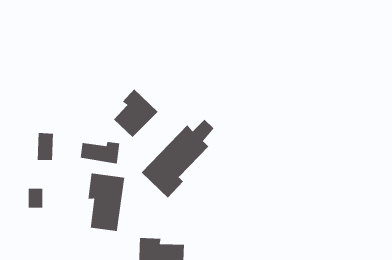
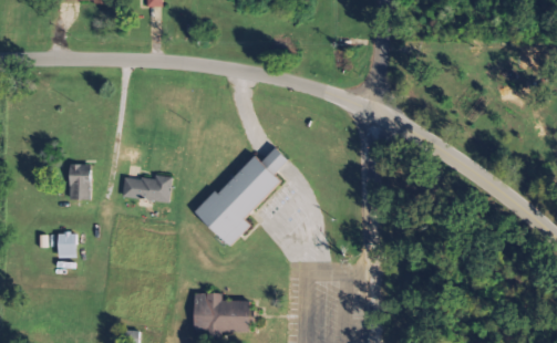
building: [113,89,158,138] -> none
building: [88,173,125,232] -> none

